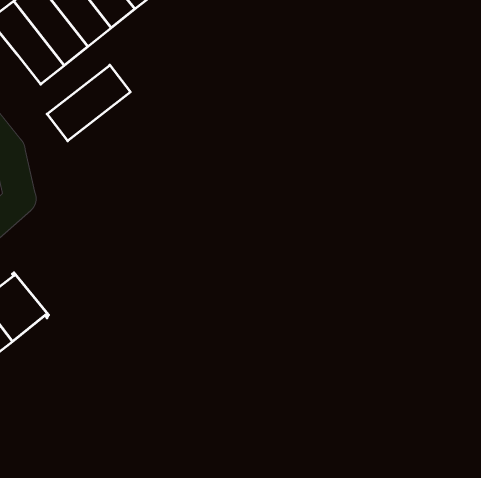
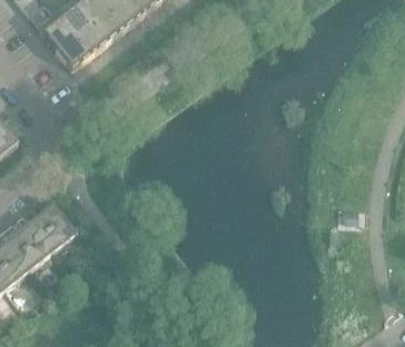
building: [47,65,130,141] -> none

